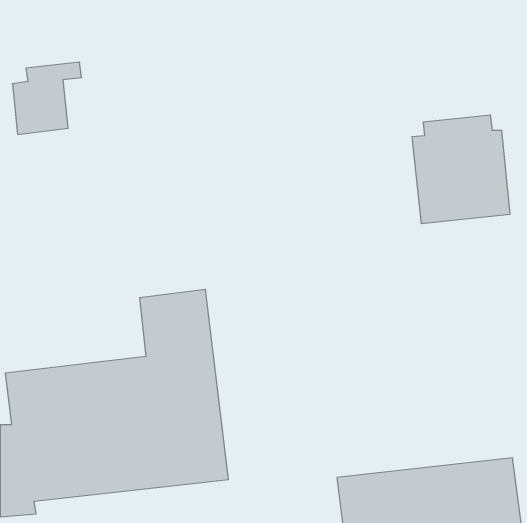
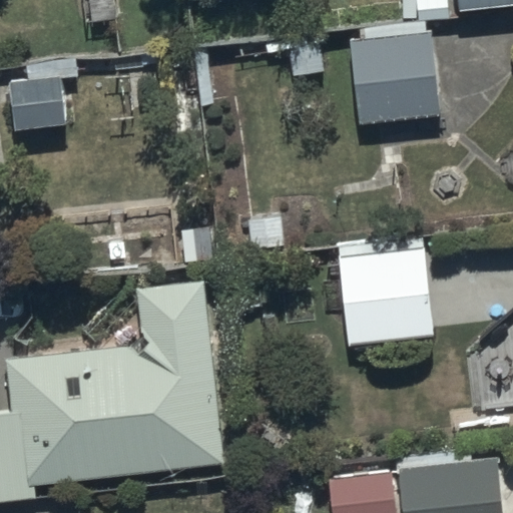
building: [412,115,510,224] -> [347,12,442,117]
building: none -> [334,233,431,342]

